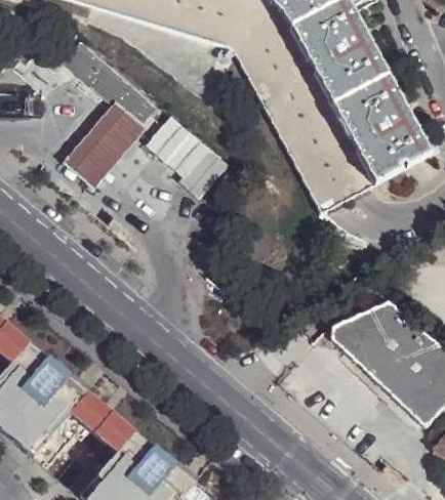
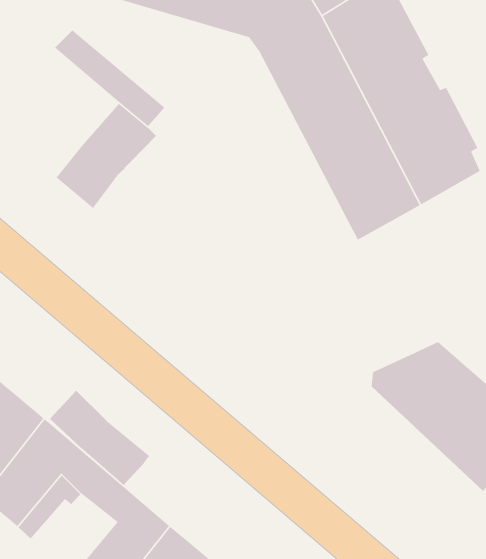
building: [148,112,230,195] -> none
building: none -> [49,390,150,486]

